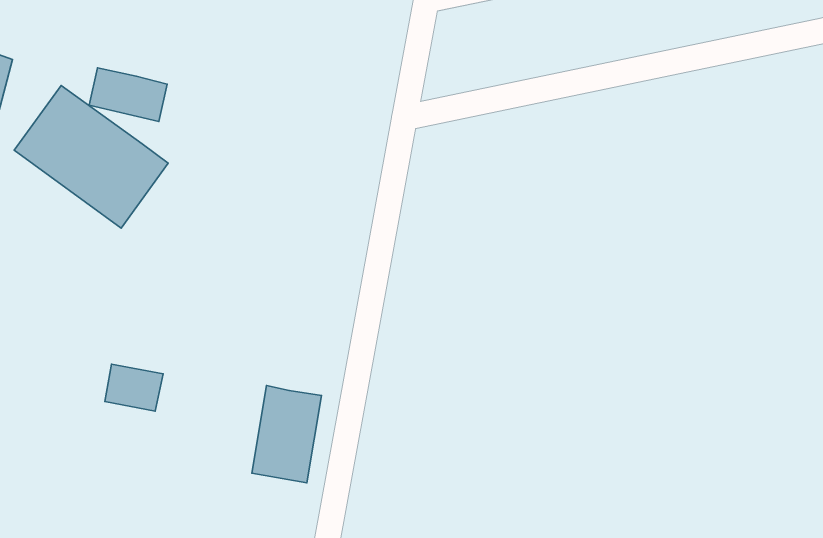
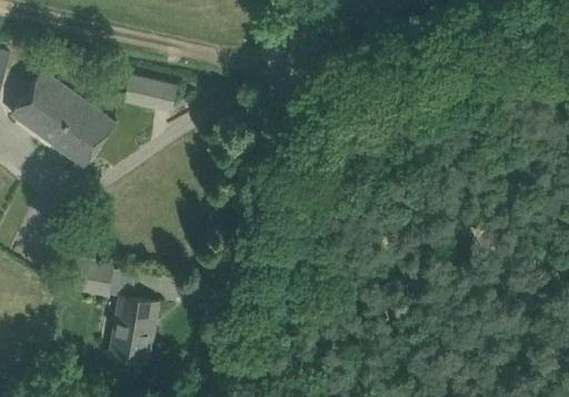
building: [89,68,167,121] -> [123,76,177,112]
building: [252,386,321,483] -> [110,296,158,363]

